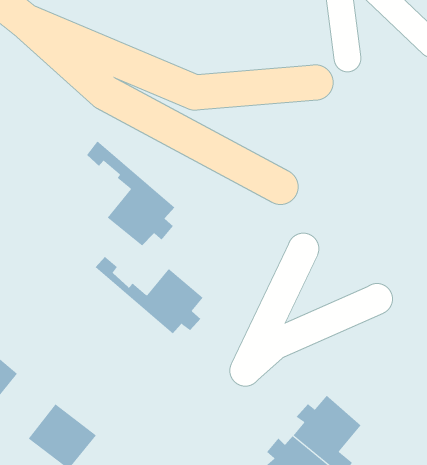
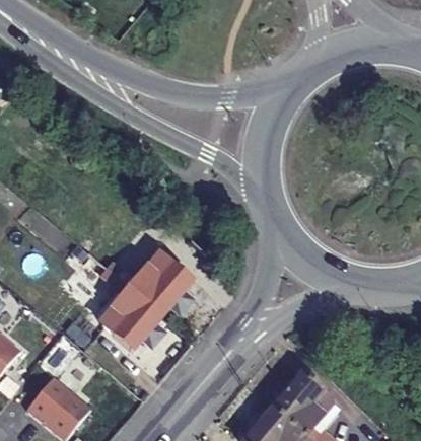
building: [86,141,175,246] -> [79,251,161,349]

